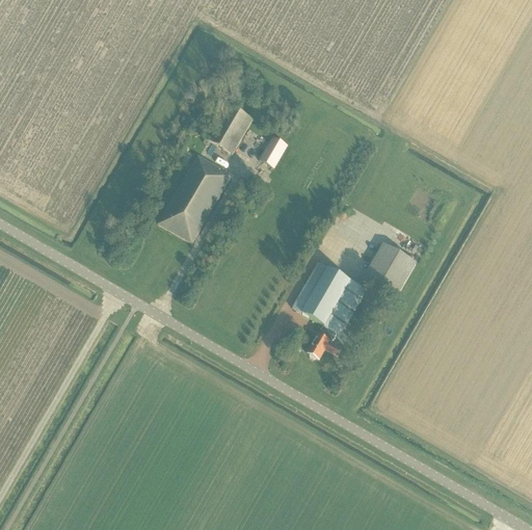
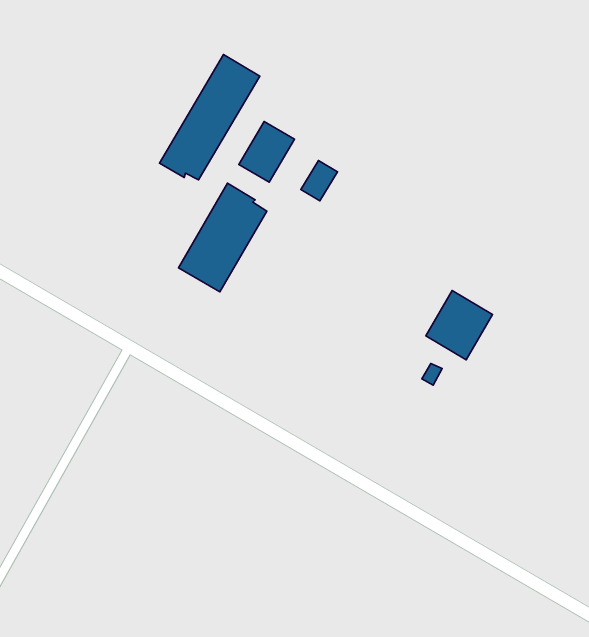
building: none -> [159,54,260,180]
building: [293,261,367,357] -> none

